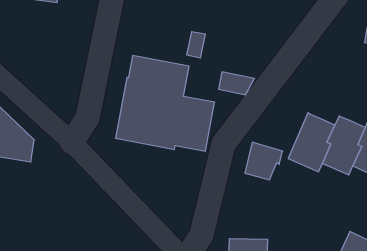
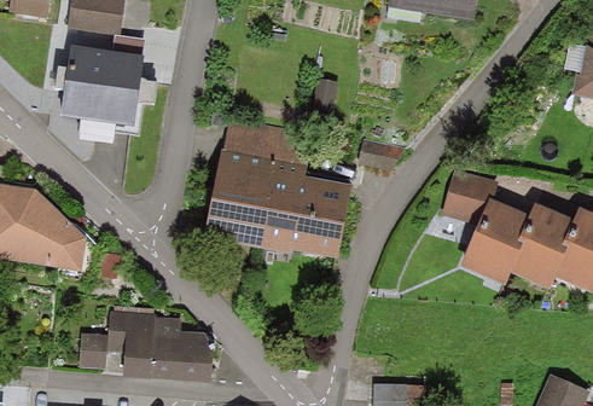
building: none -> [62,45,144,127]
building: [245,142,283,180] -> [442,167,498,222]
building: none -> [80,304,213,382]

